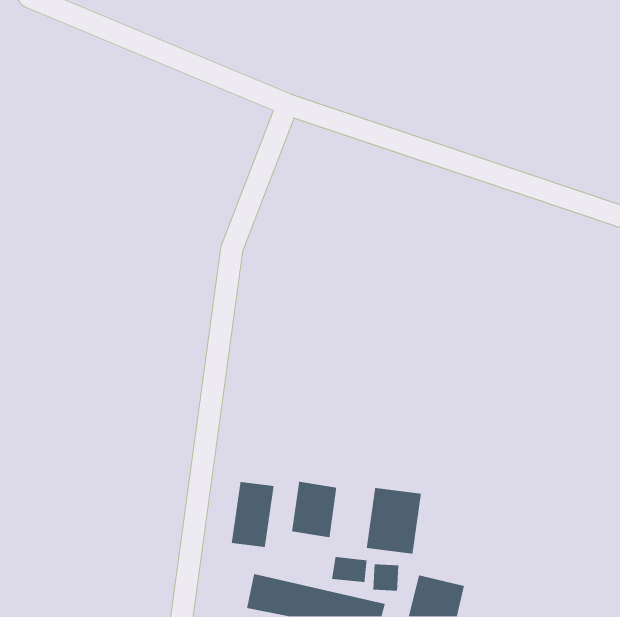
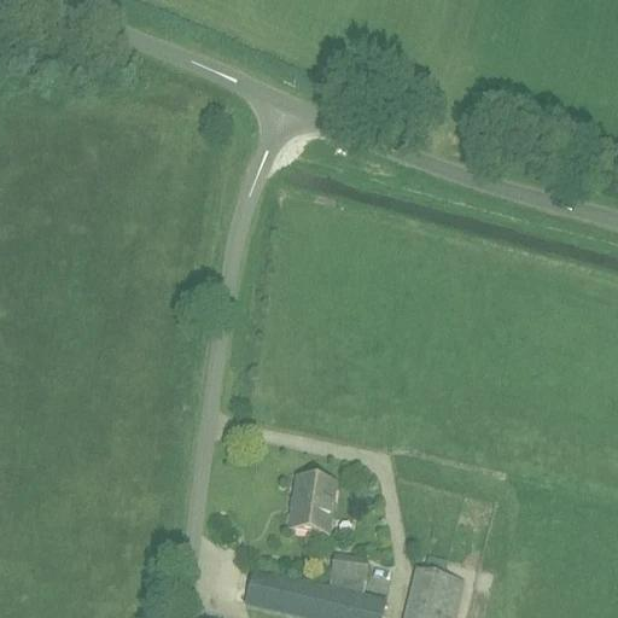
building: [231,481,275,548] -> none
building: [366,487,422,555] -> none

